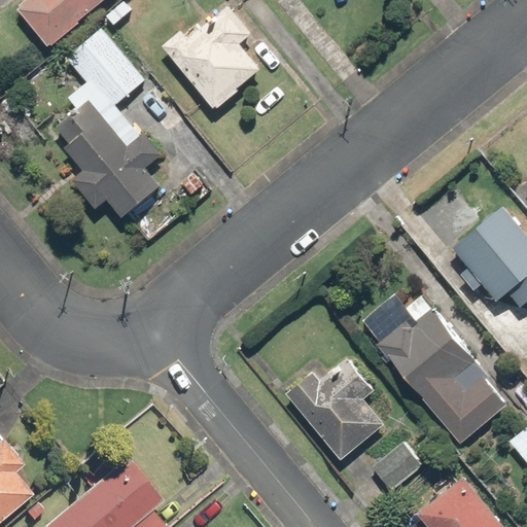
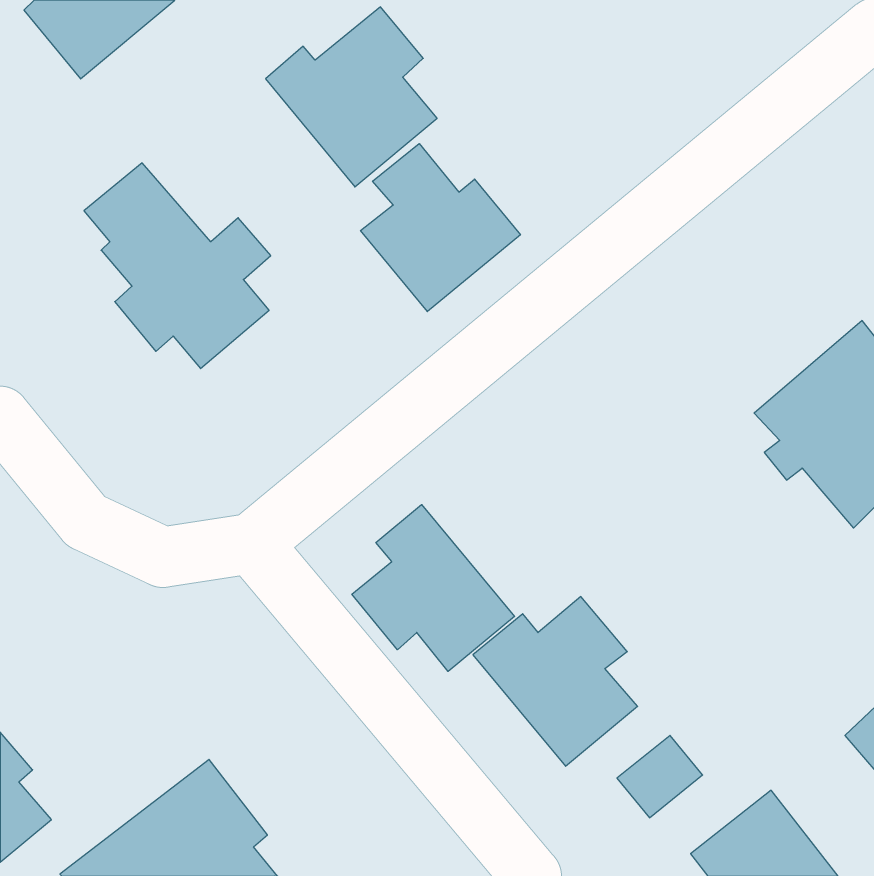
building: [58,27,147,111] -> none
building: none -> [361,144,520,312]
building: [376,295,505,444] -> none
building: none -> [352,505,515,671]

